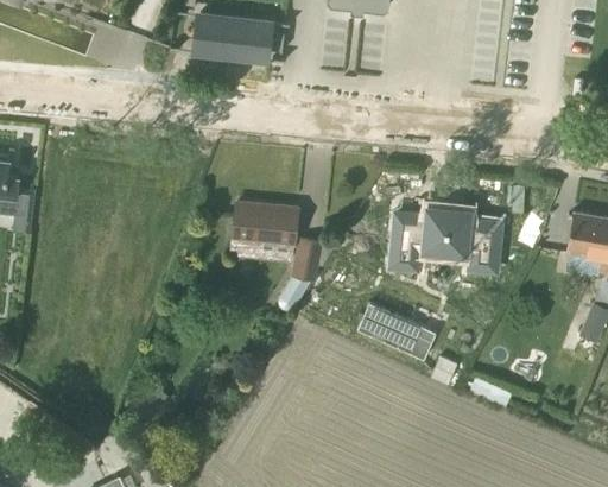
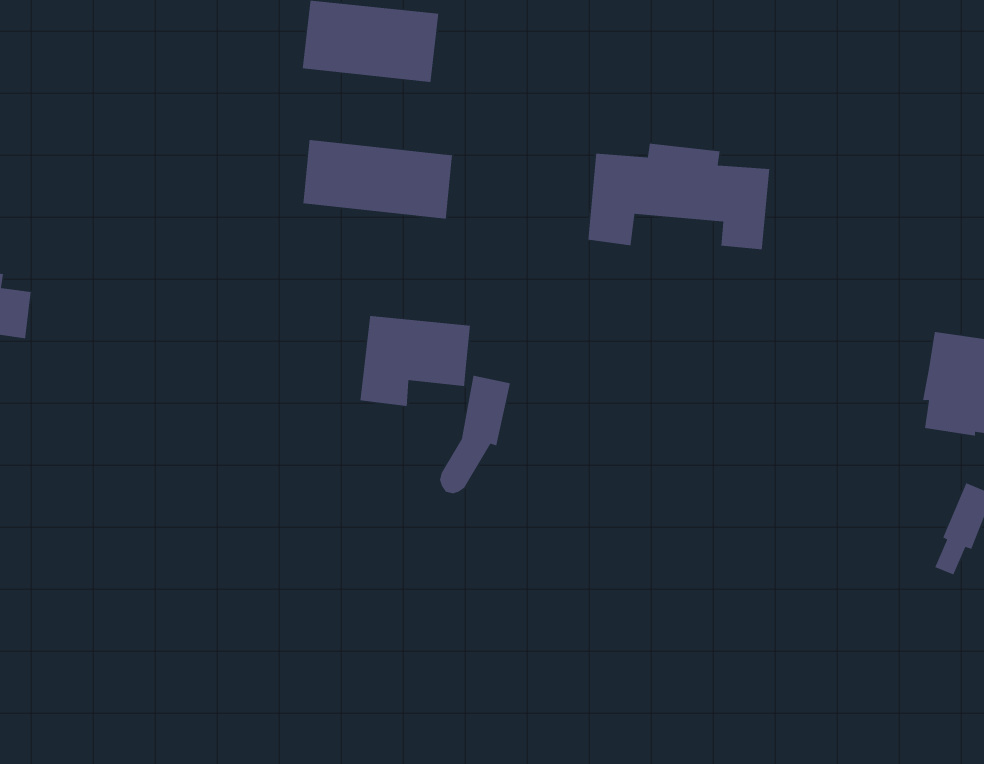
building: none -> [303,139,453,219]
building: [385,204,494,268] -> [587,143,770,250]
building: [365,297,443,353] -> none

